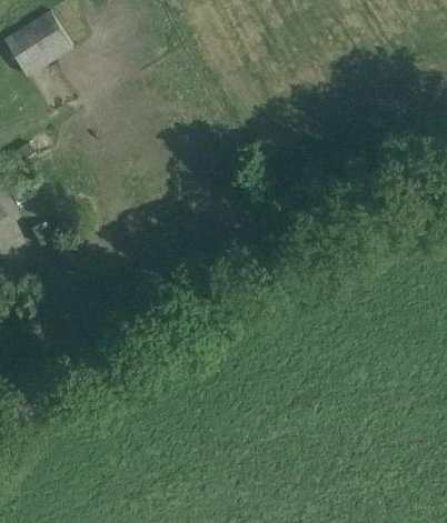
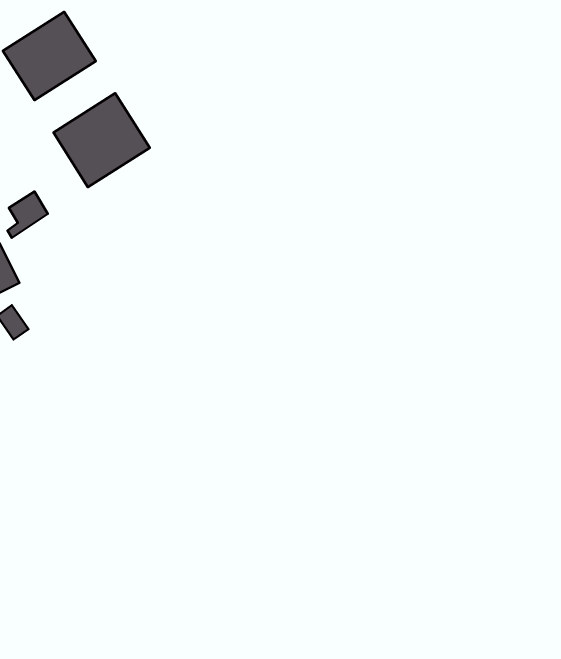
building: none -> [53,93,150,187]

